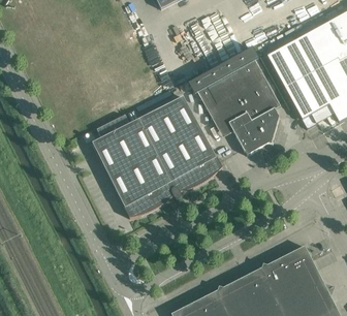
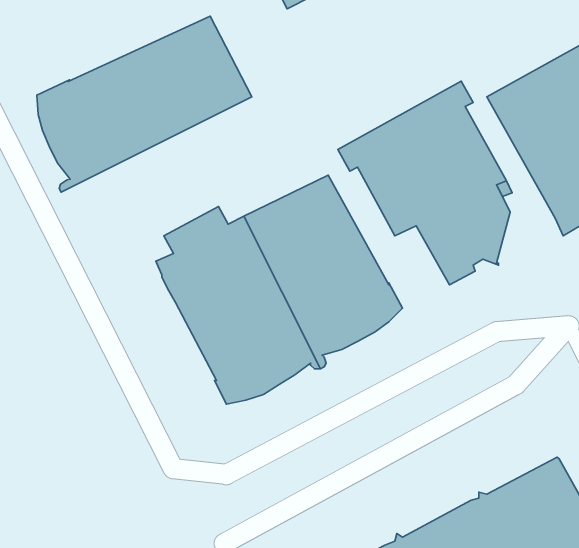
building: none -> [37,16,252,192]

